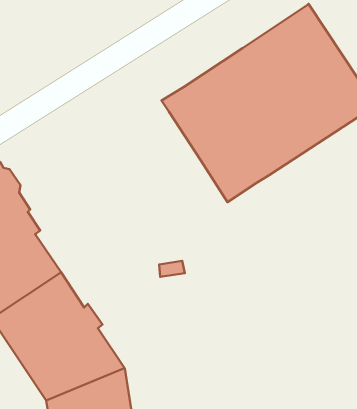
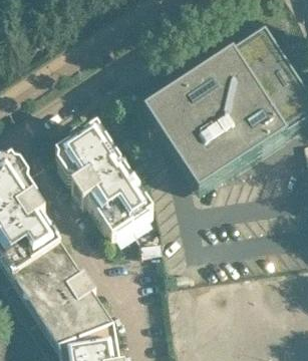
building: none -> [56,122,158,243]

